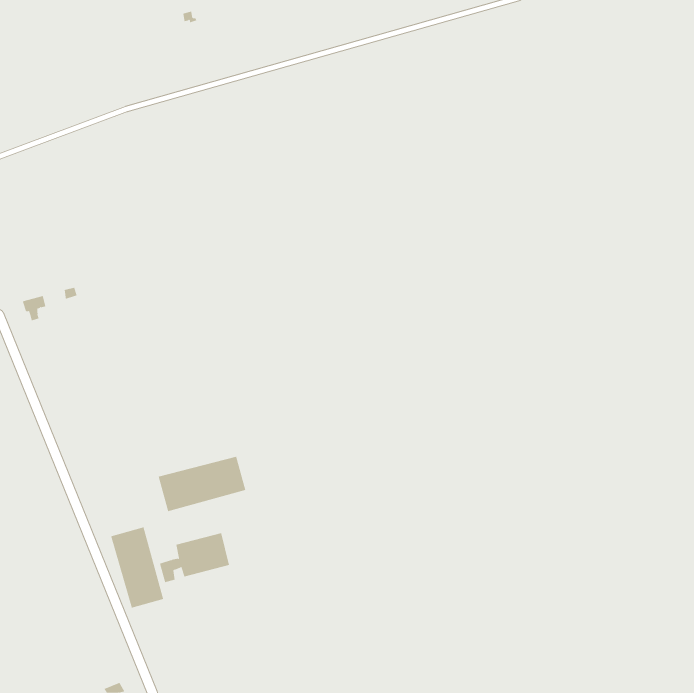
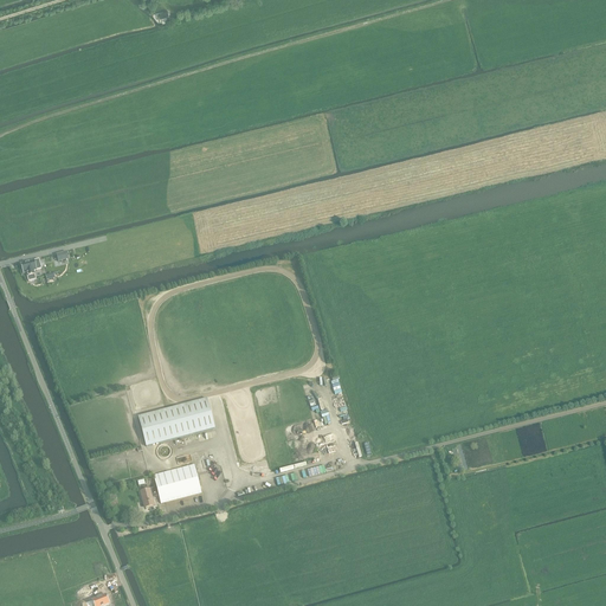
building: [110,526,164,608] -> none

